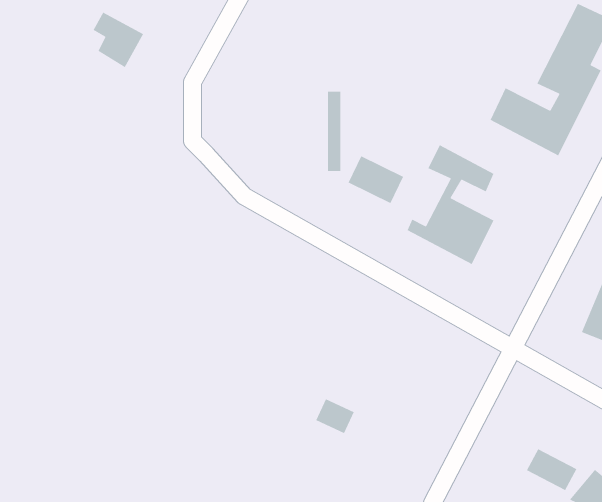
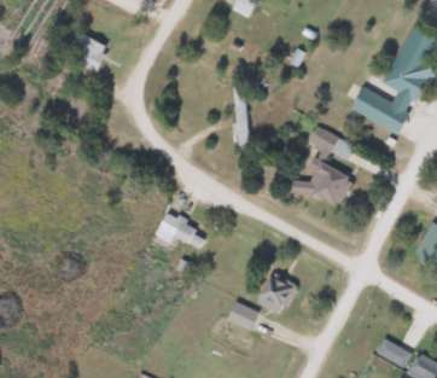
building: [347,155,404,204] -> none
building: none -> [156,196,209,250]
building: none -> [255,271,298,315]

